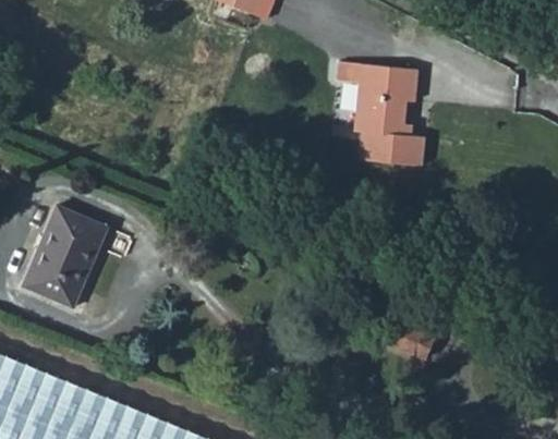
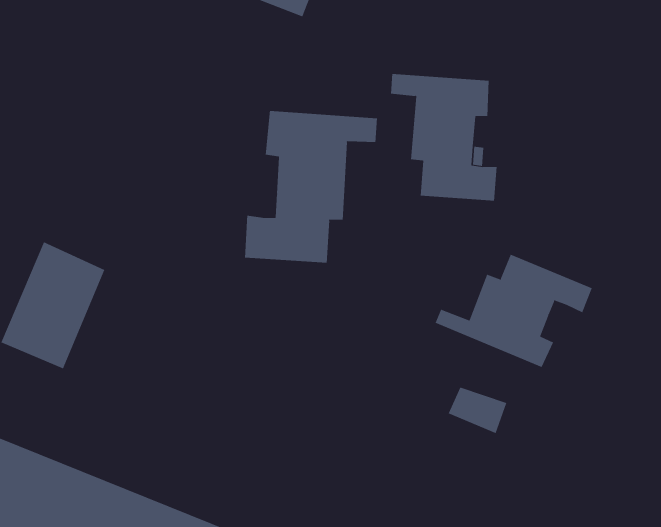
building: none -> [244,110,377,264]
building: none -> [435,254,593,368]

